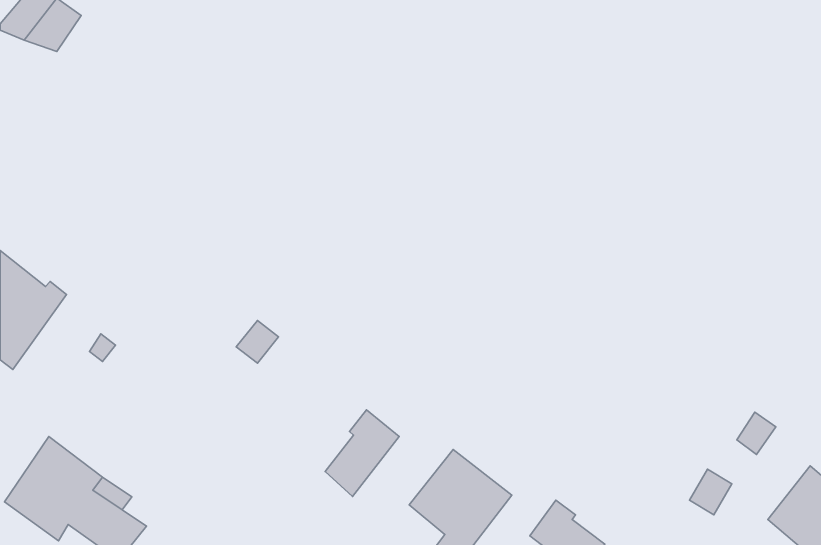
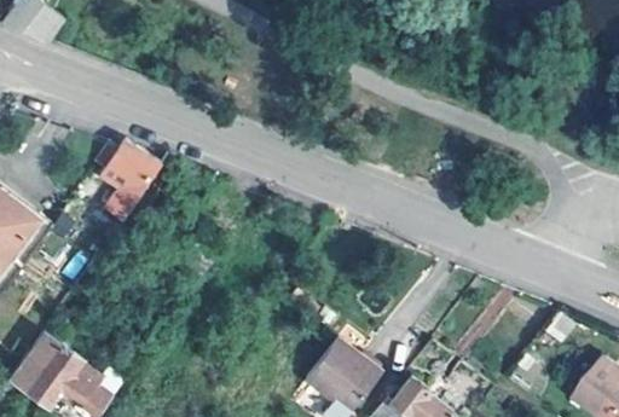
building: none -> [82,139,158,237]
building: [325,410,399,496] -> none

